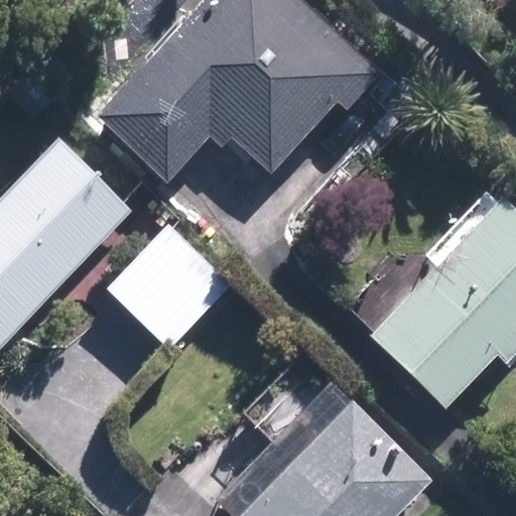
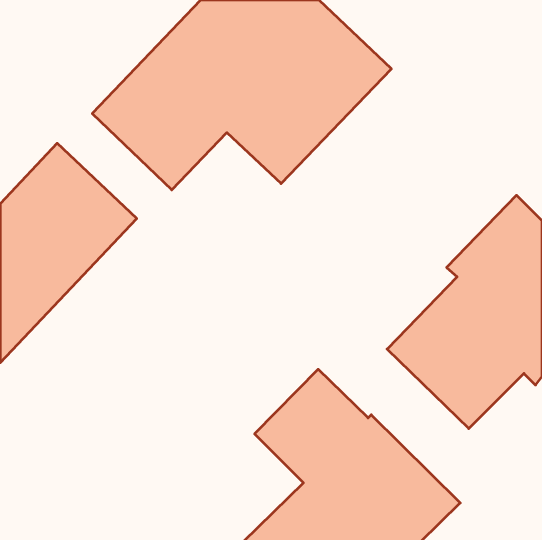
building: [101,219,237,355] -> none

